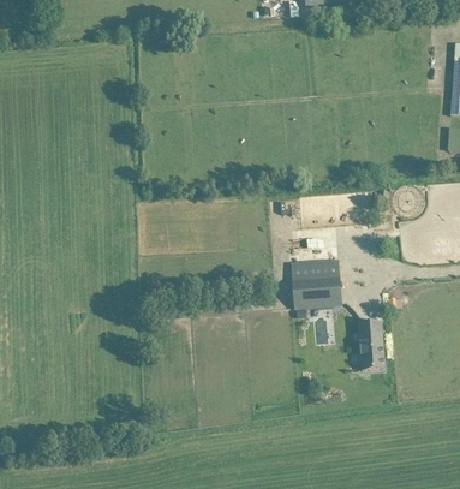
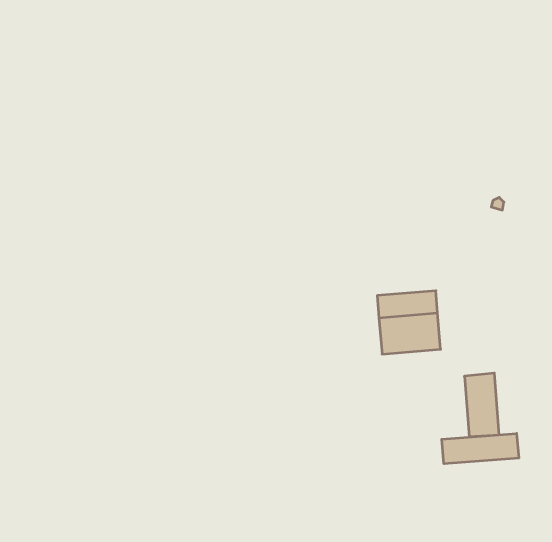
building: none -> [442,433,519,464]

